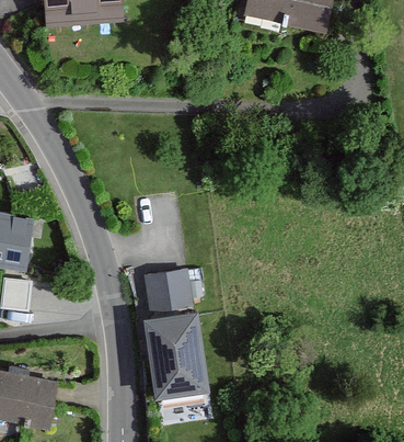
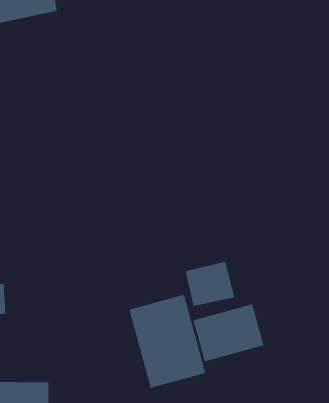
building: [146,272,191,311] -> [185,261,235,306]
building: none -> [193,303,264,362]

